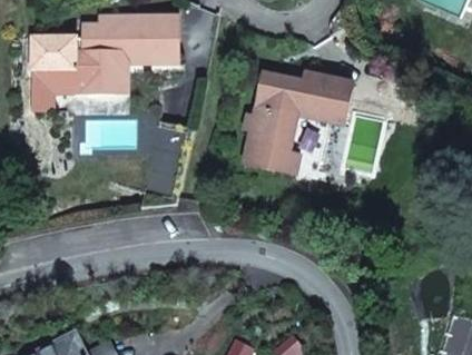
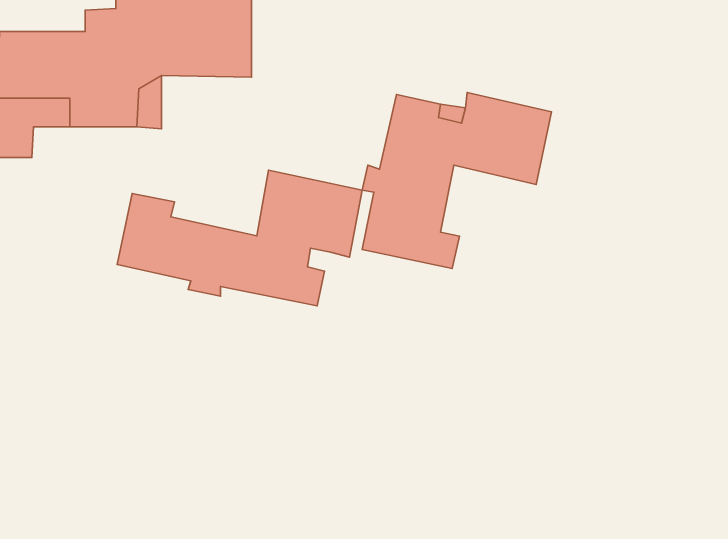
building: none -> [117,170,362,306]

